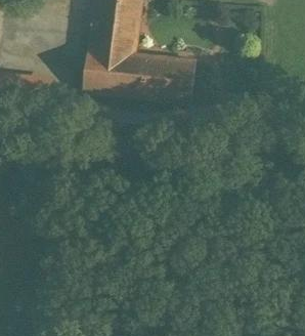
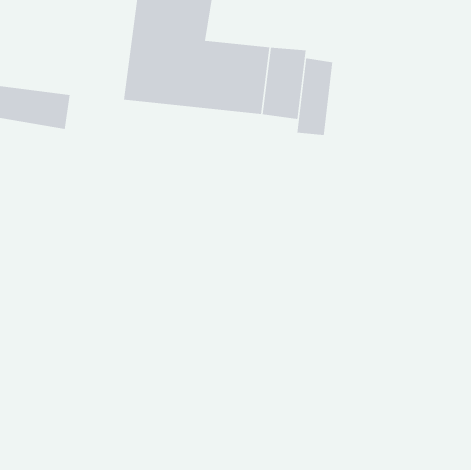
building: none -> [297,58,333,136]

